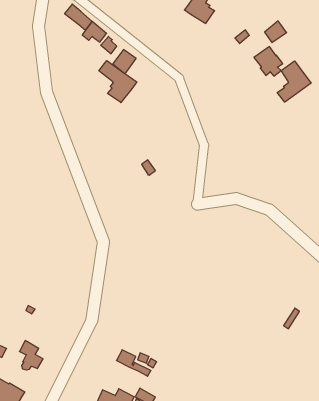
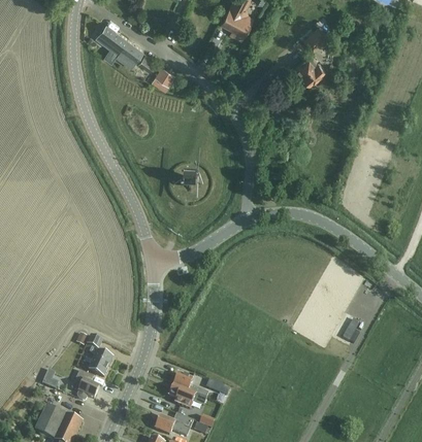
building: [99,61,137,103] -> none
building: [277,61,311,102] -> none
building: none -> [86,336,111,378]
building: none -> [169,385,206,410]

